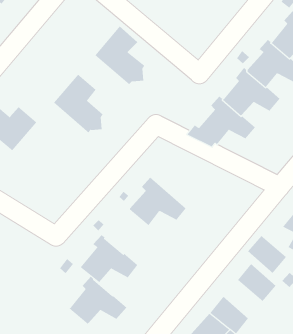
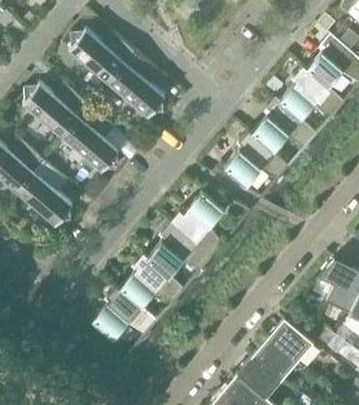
building: none -> [68,31,136,86]
building: none -> [22,86,89,139]
building: none -> [16,161,72,227]
building: none -> [170,194,223,258]
building: [247,235,287,274] -> [252,338,297,382]
building: [69,276,127,324] -> [119,255,185,309]

